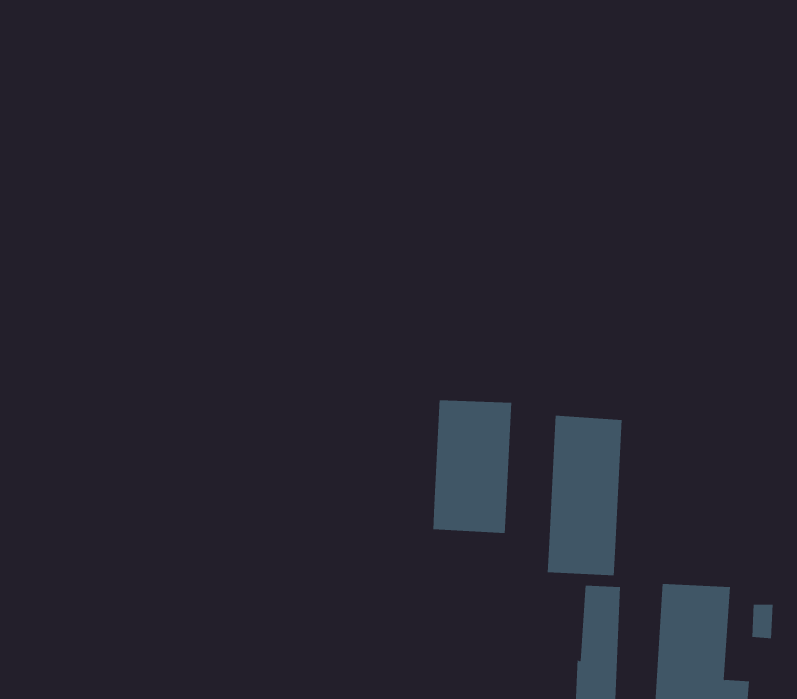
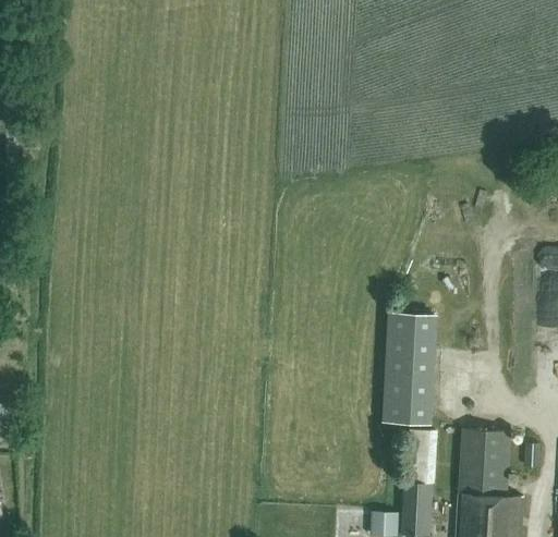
building: [433,399,512,534] -> none

